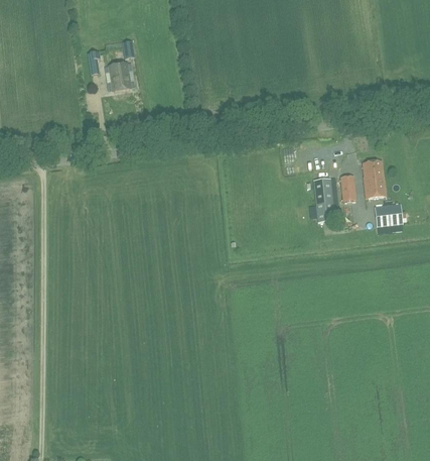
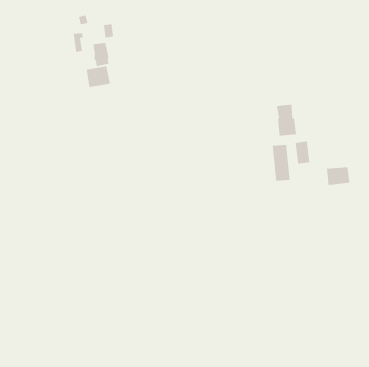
building: none -> [86,66,111,88]
building: [363,159,386,197] -> [276,104,297,137]

